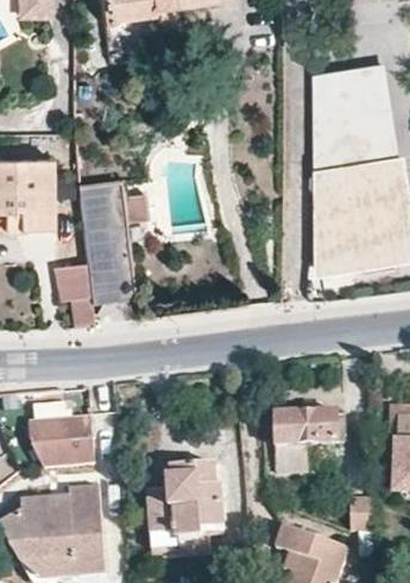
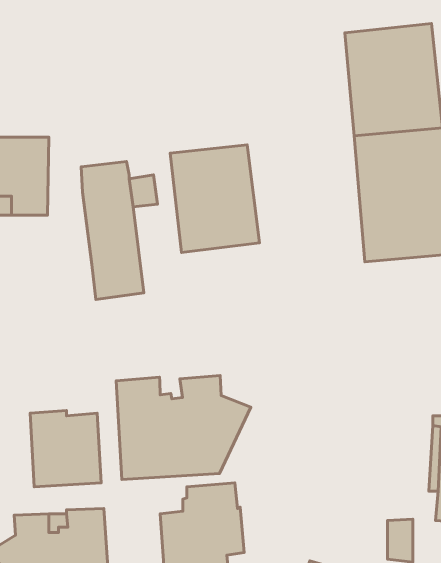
building: none -> [170,145,259,253]
building: [63,271,93,322] -> none
building: none -> [116,375,251,480]
building: [276,412,338,470] -> none

